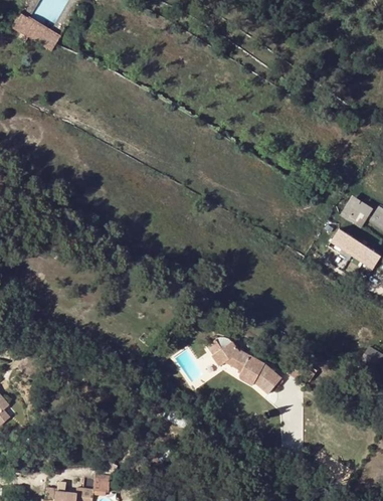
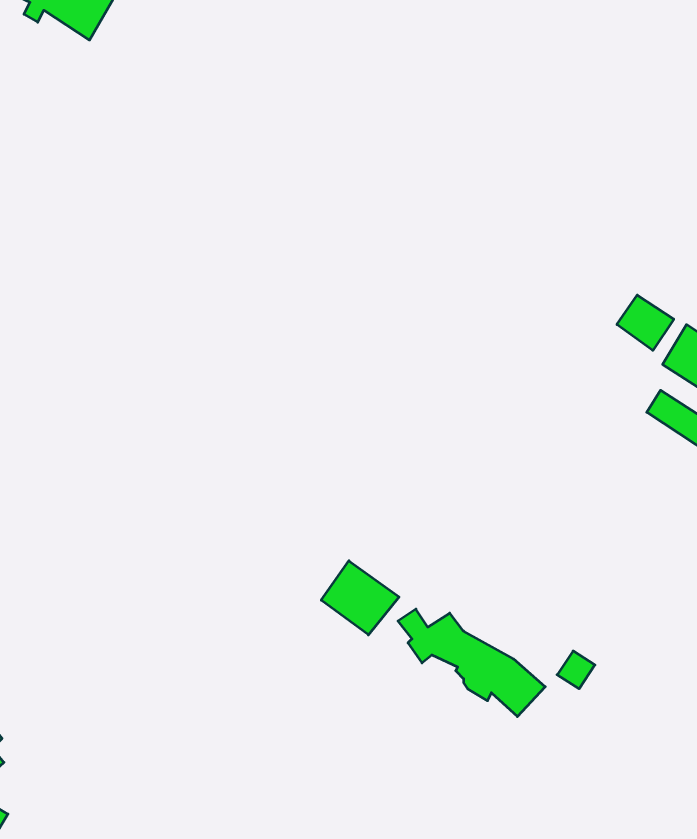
building: none -> [617,295,674,350]
building: none -> [321,561,399,635]

